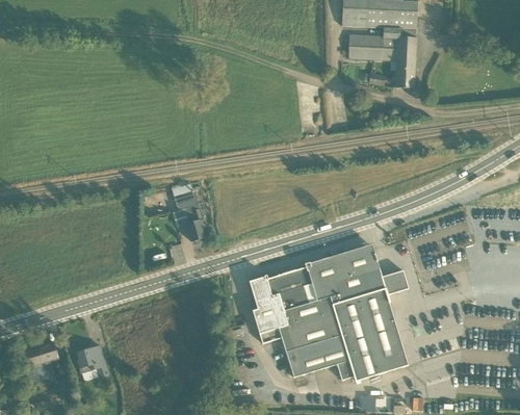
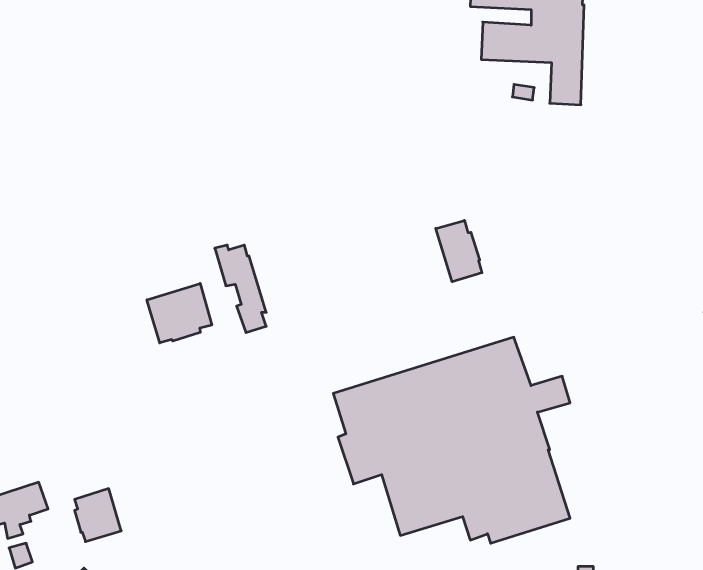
building: none -> [436,220,482,282]
building: none -> [147,283,212,343]

